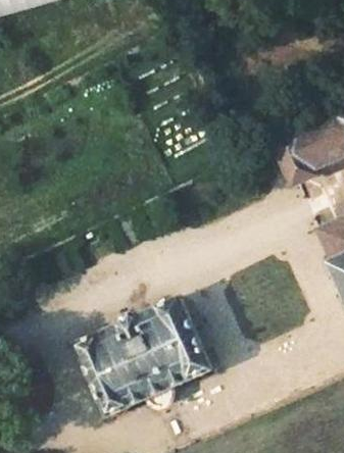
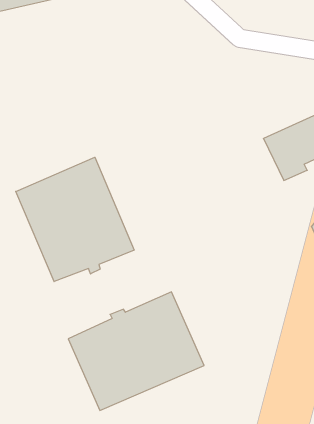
building: none -> [16,157,134,282]

